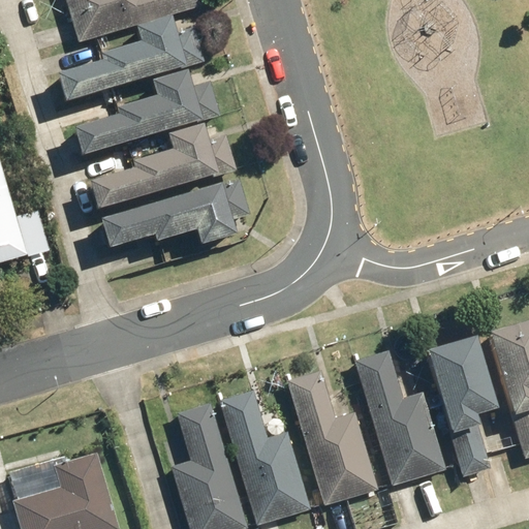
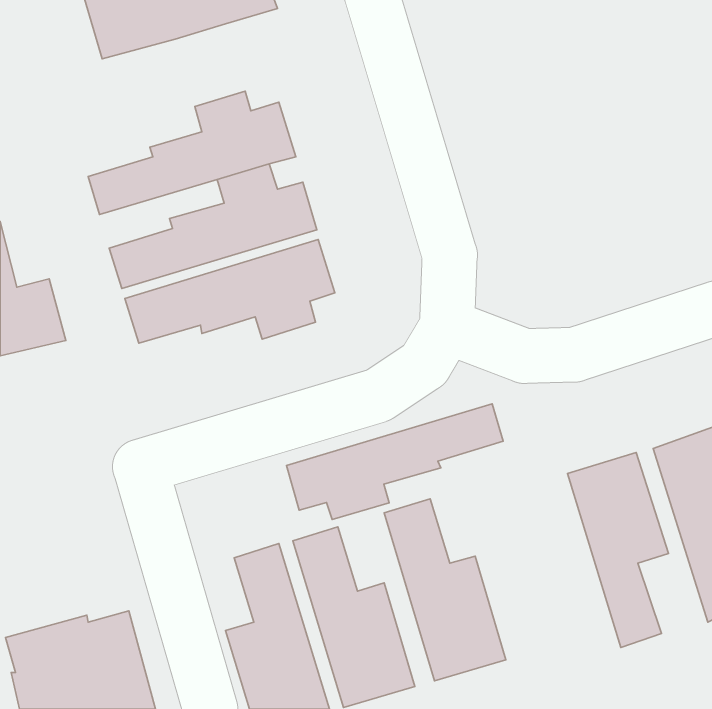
building: [51,18,206,104] -> none
building: none -> [286,404,503,520]
building: [354,348,445,484] -> none

